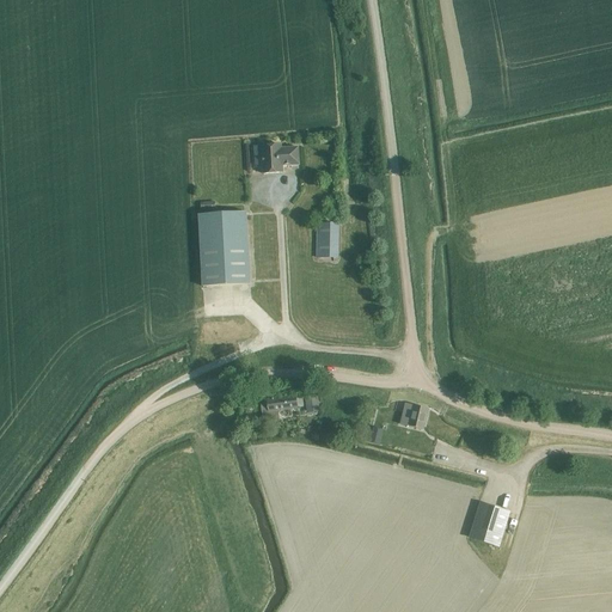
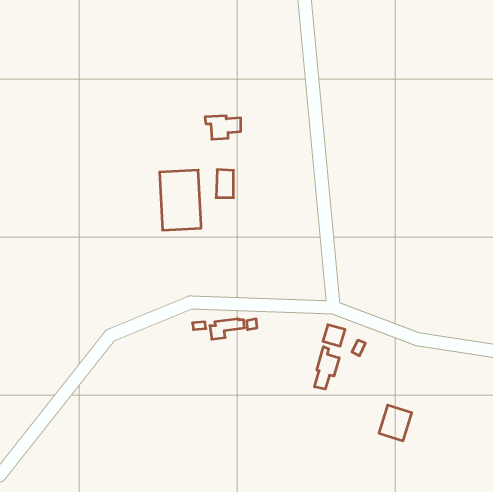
building: [316,221,337,256] -> [216,170,234,198]
building: none -> [315,347,339,389]

